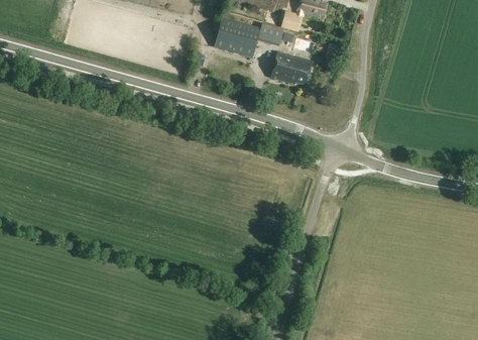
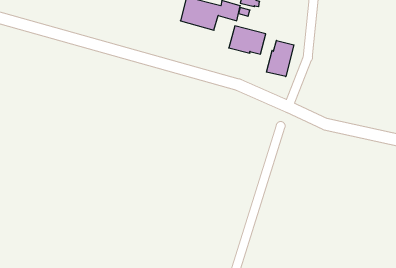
building: none -> [266,40,294,77]

